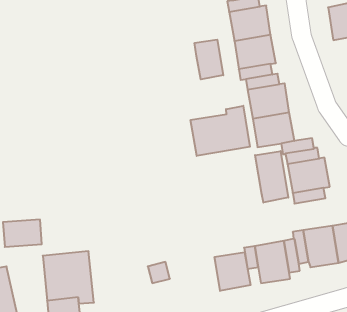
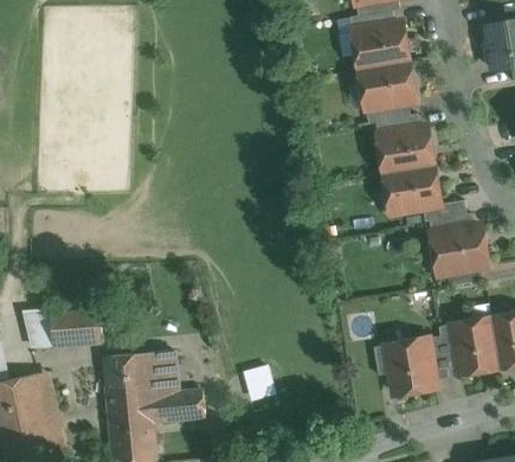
building: [195,40,223,79] -> none
building: [191,106,250,156] -> none
building: [255,151,288,203] -> none
building: none -> [165,351,205,421]
building: [215,252,251,291] -> none

